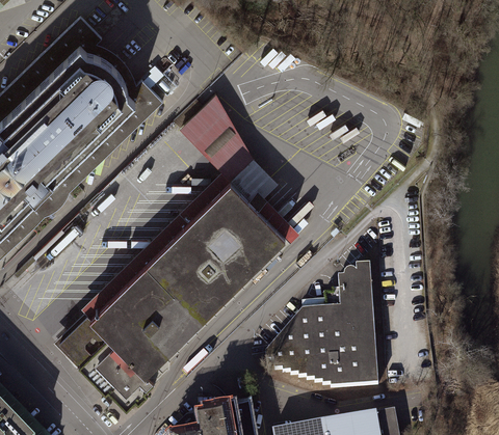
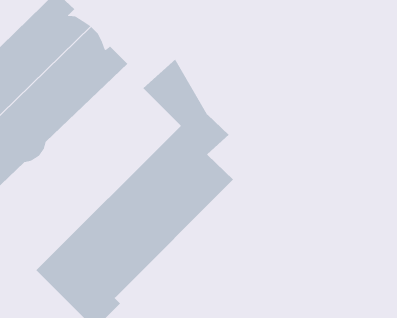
building: [266,268,379,388] -> none

